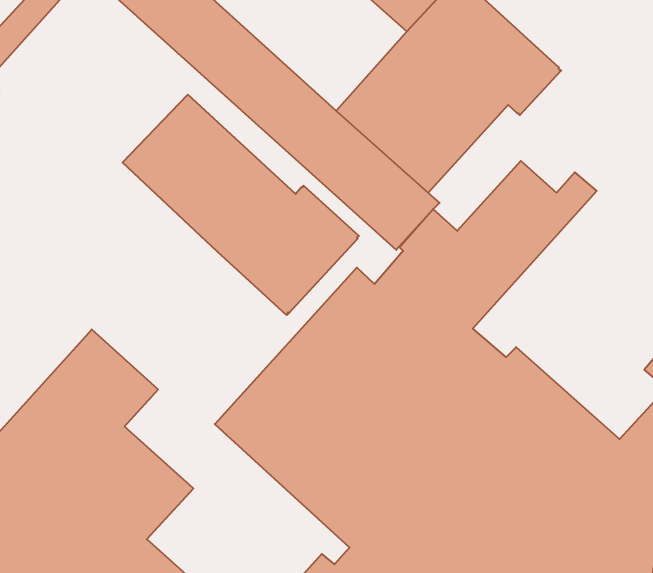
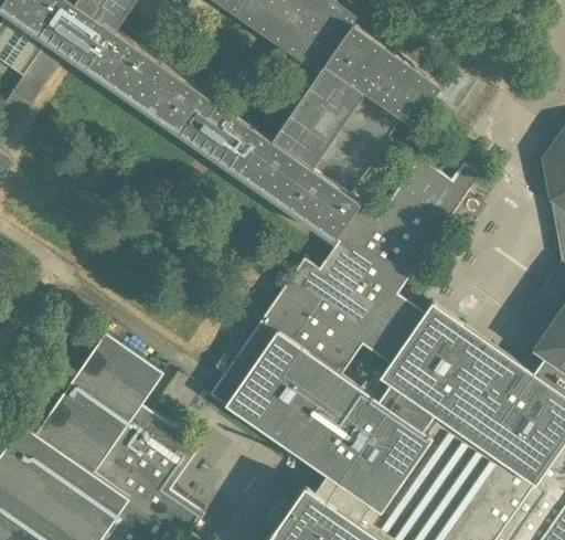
building: [123,95,359,315] -> none

